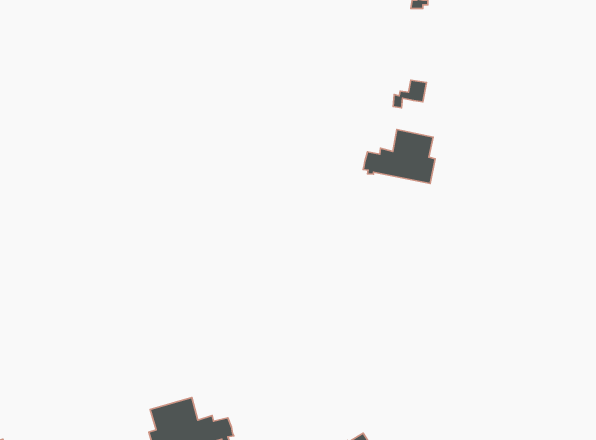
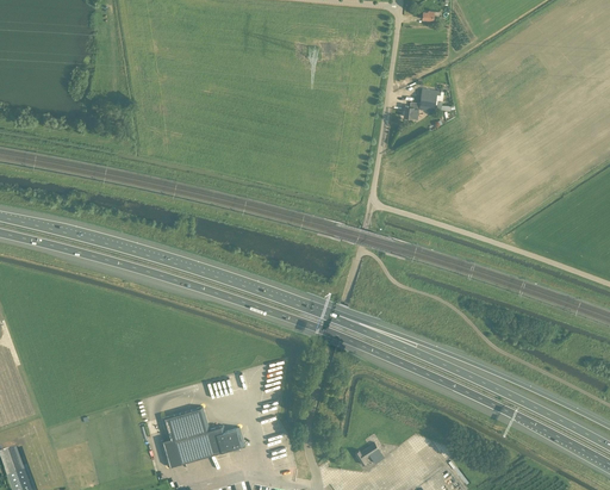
building: [363,129,435,183] -> none

